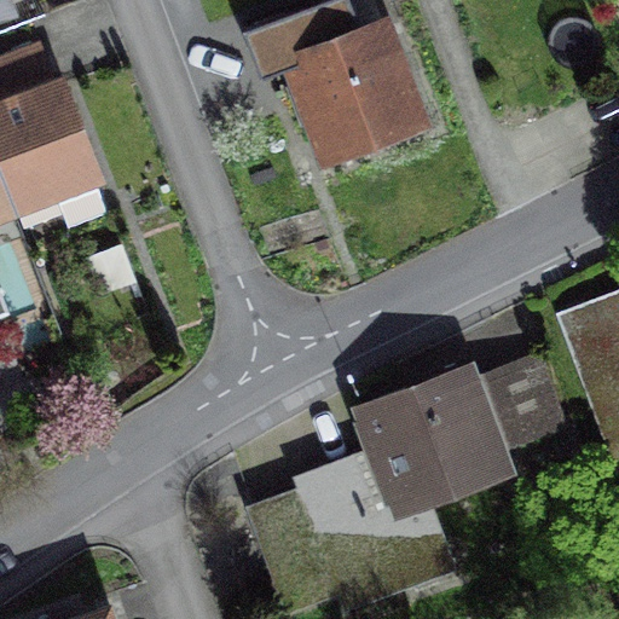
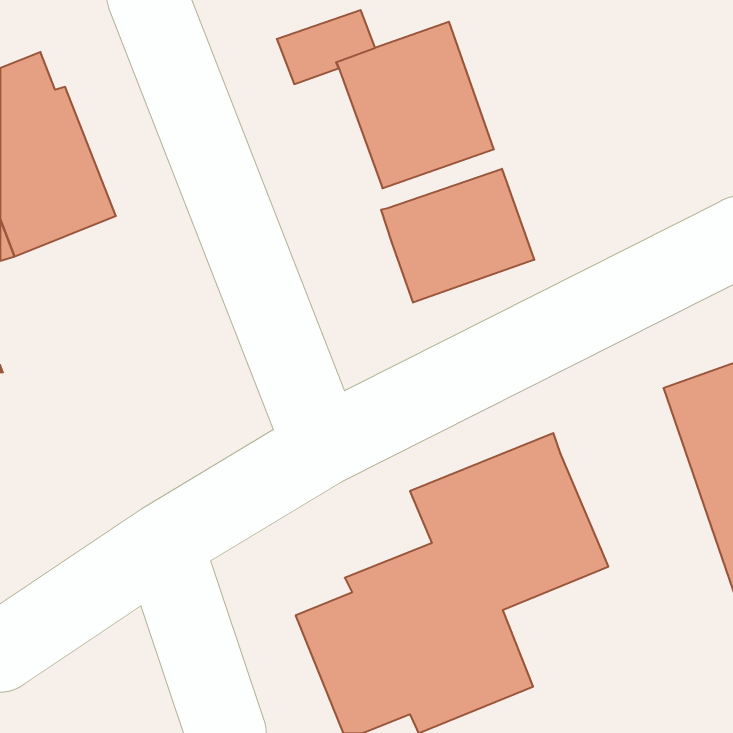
building: none -> [381,169,534,303]
building: [474,352,572,458] -> none

